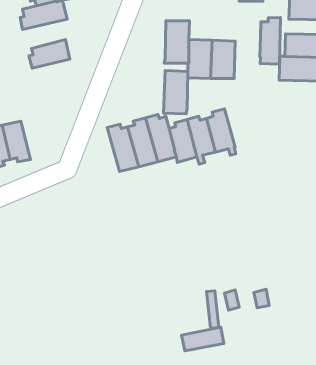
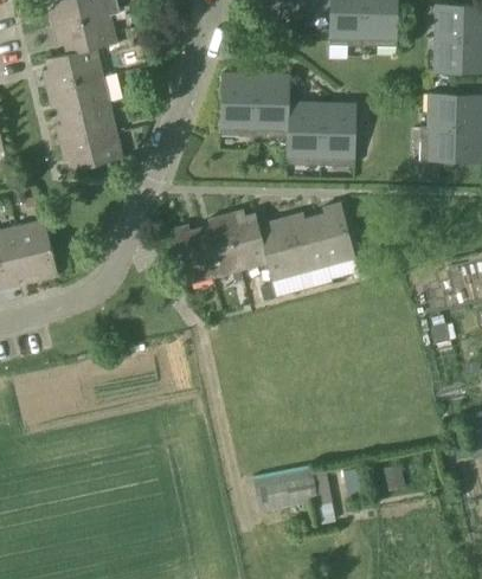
building: [260,18,281,64] -> none
building: none -> [46,71,118,114]
building: none -> [60,127,131,169]
building: [163,71,188,114] -> [219,72,255,135]
building: [182,327,224,351] -> [255,475,316,509]

